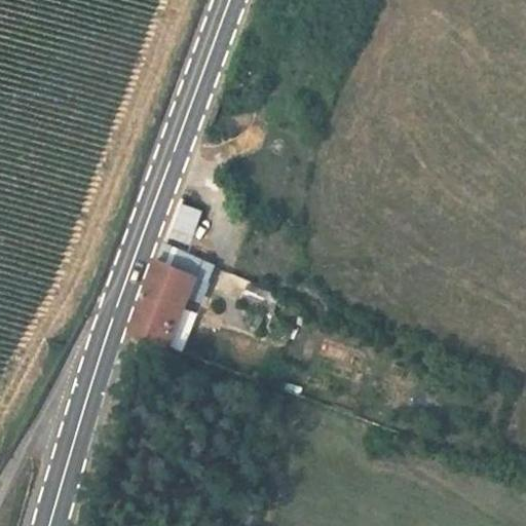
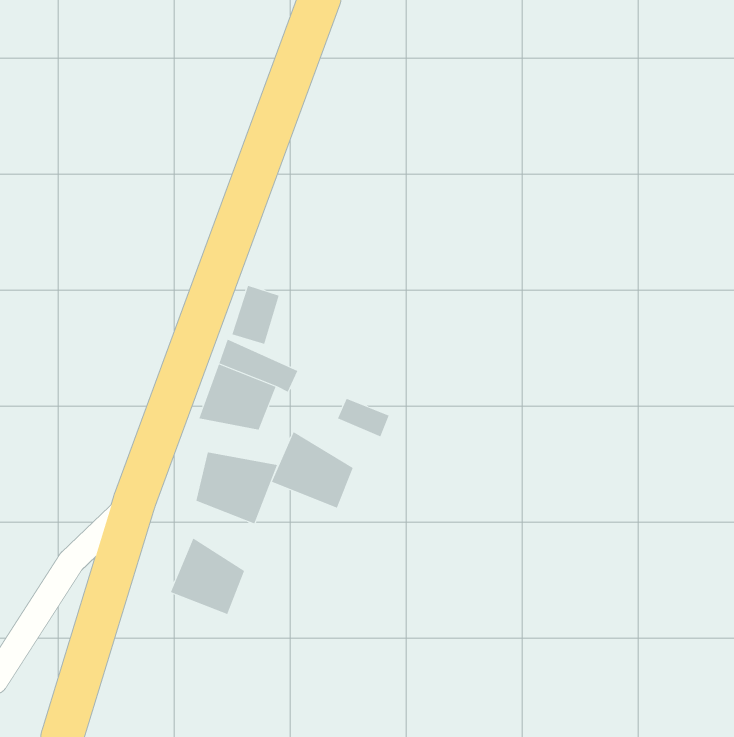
building: none -> [271,431,354,508]
building: none -> [170,537,245,615]

